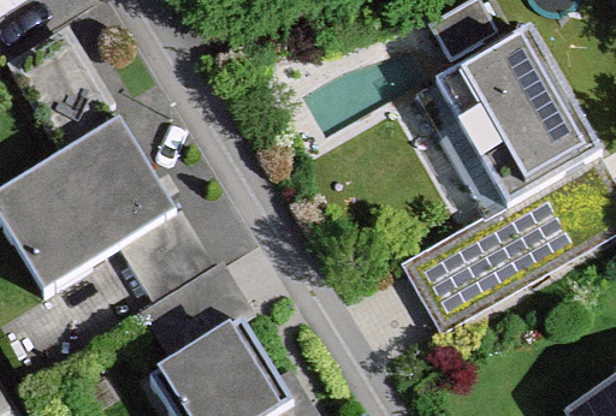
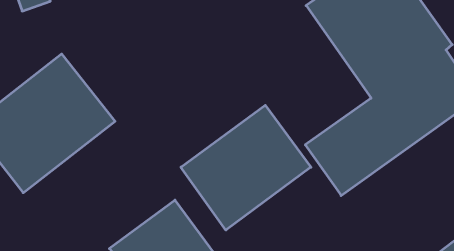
building: none -> [181,105,311,230]

